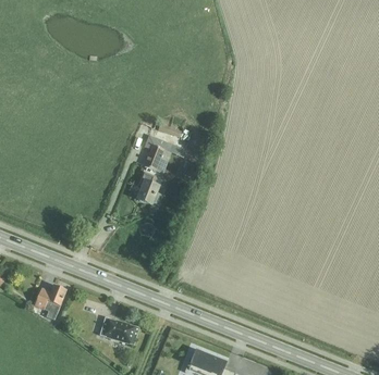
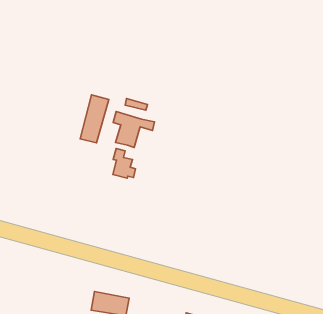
building: none -> [80,95,109,143]
building: [33,285,65,320] -> none

